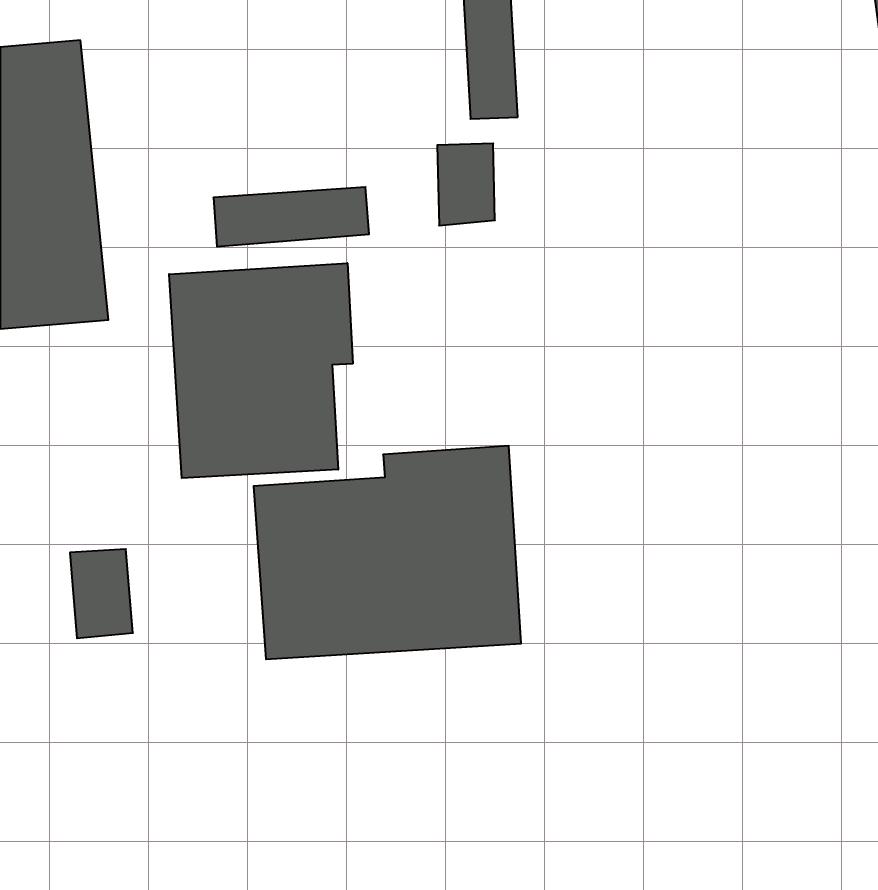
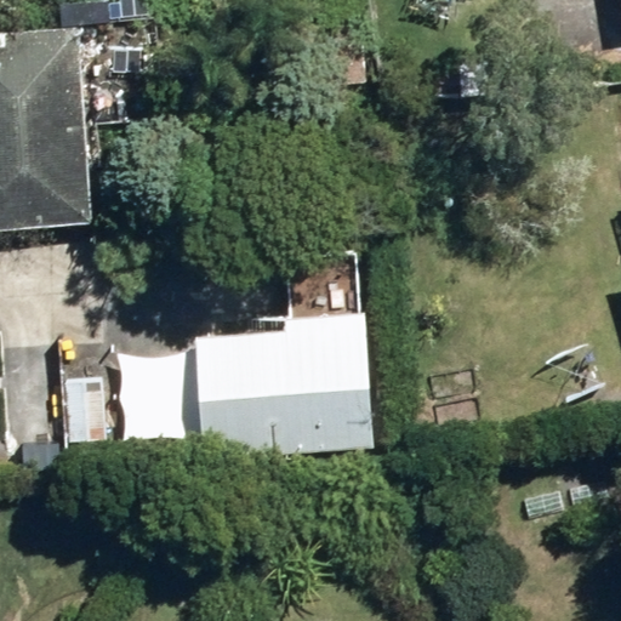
building: [169,263,353,478] -> none

